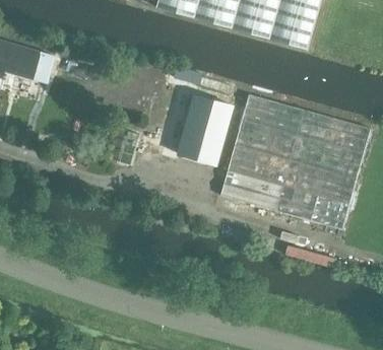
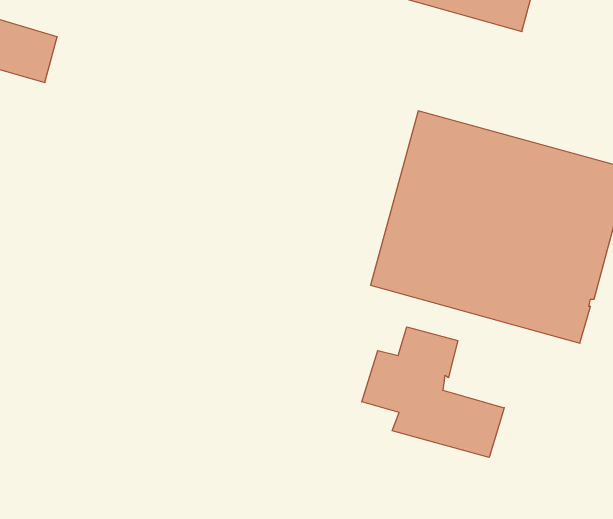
building: [177,94,233,165] -> none
building: none -> [362,327,504,457]

